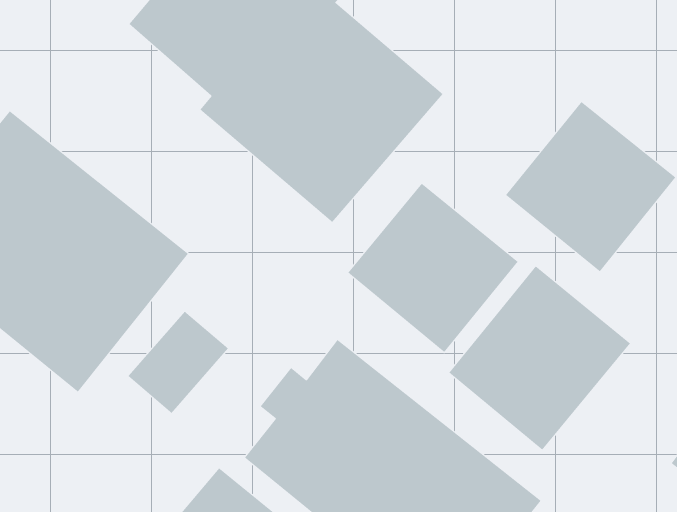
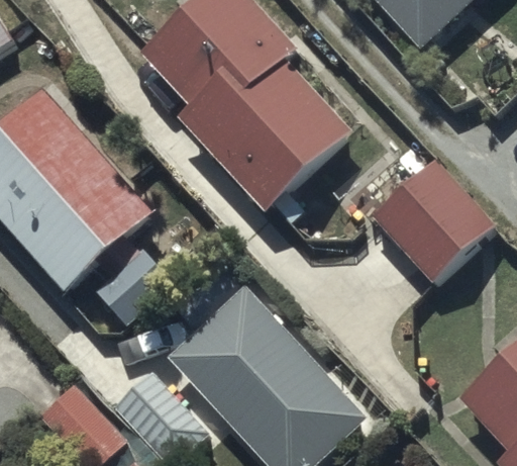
building: [347,183,518,353] -> none
building: [449,265,631,450] -> none

